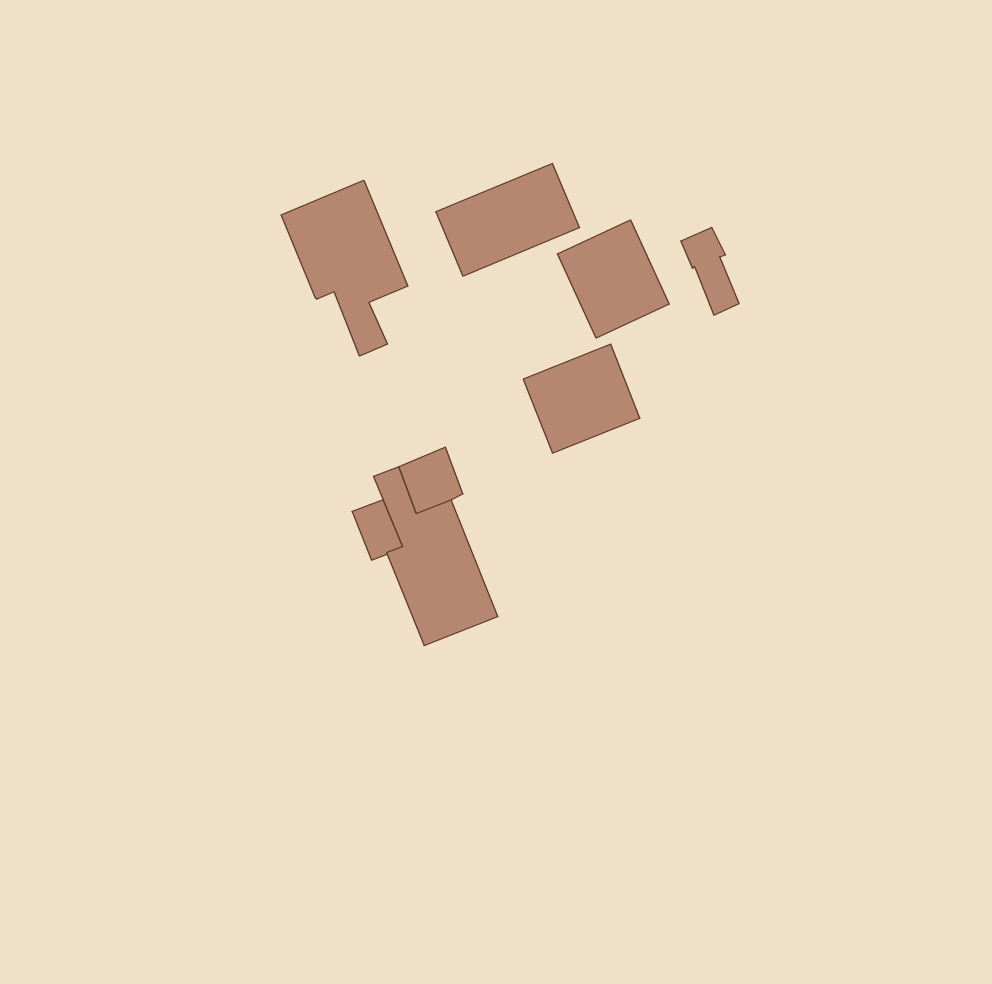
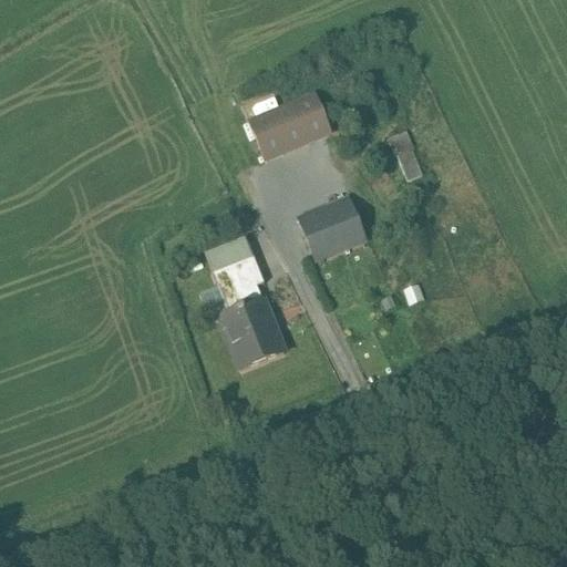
building: [281,180,408,356] -> none
building: [557,220,669,338] -> none
building: none -> [206,237,255,271]

